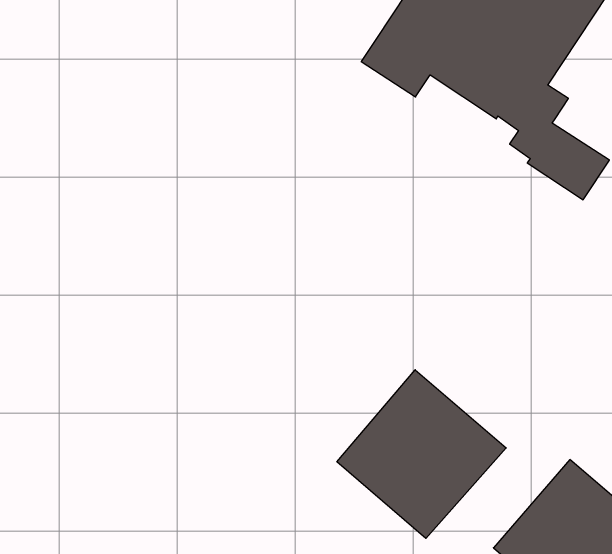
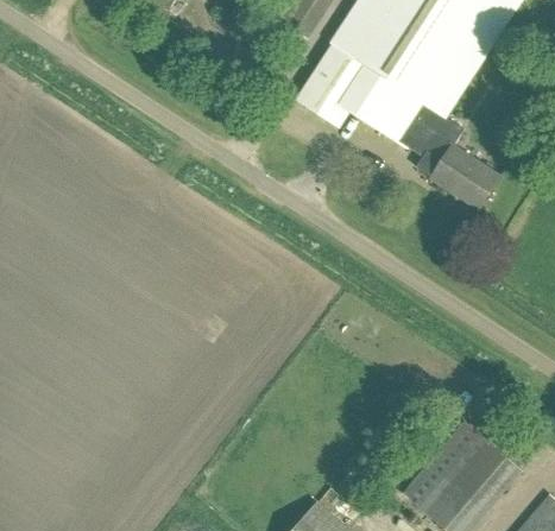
building: [337,370,506,538] -> none

